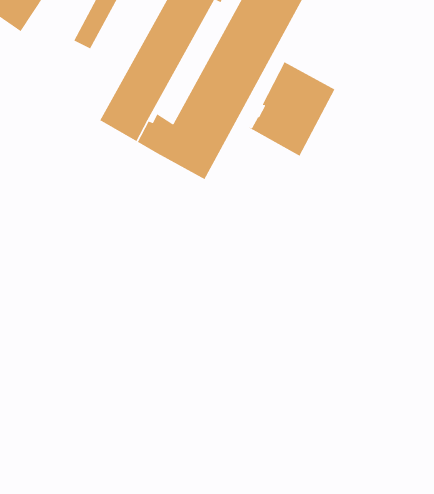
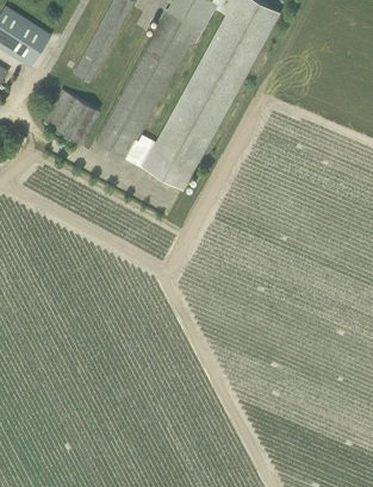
building: none -> [44,89,99,142]
building: [248,61,336,157] -> none

